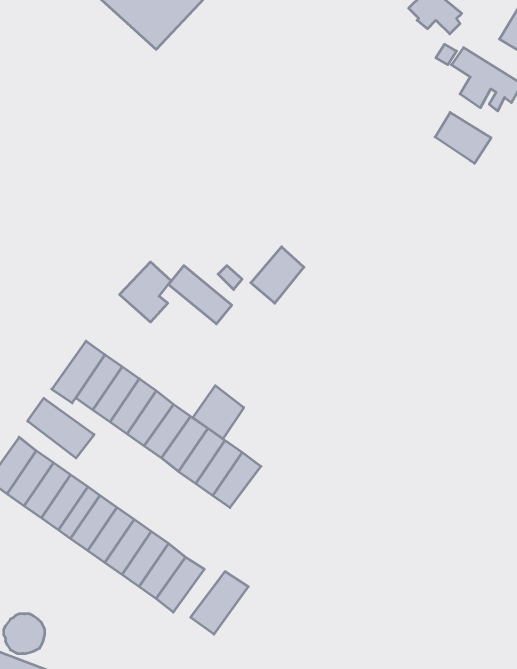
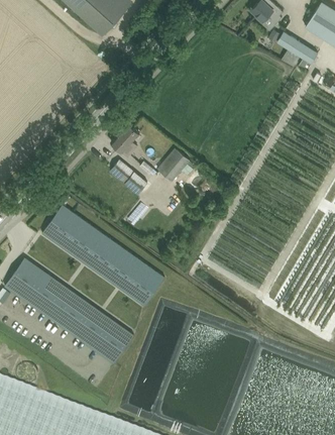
building: [435,112,491,163] -> none
building: [120,262,171,322] -> [110,122,140,157]
building: [193,386,244,439] -> none
building: [28,398,94,458] -> none
building: [191,572,248,634] -> none

